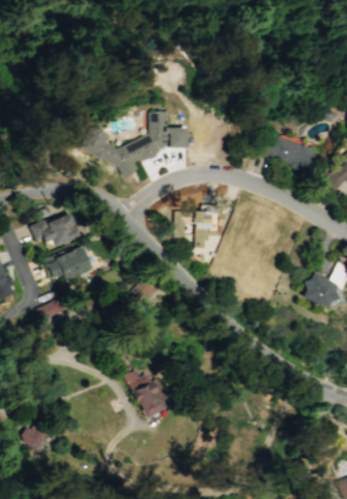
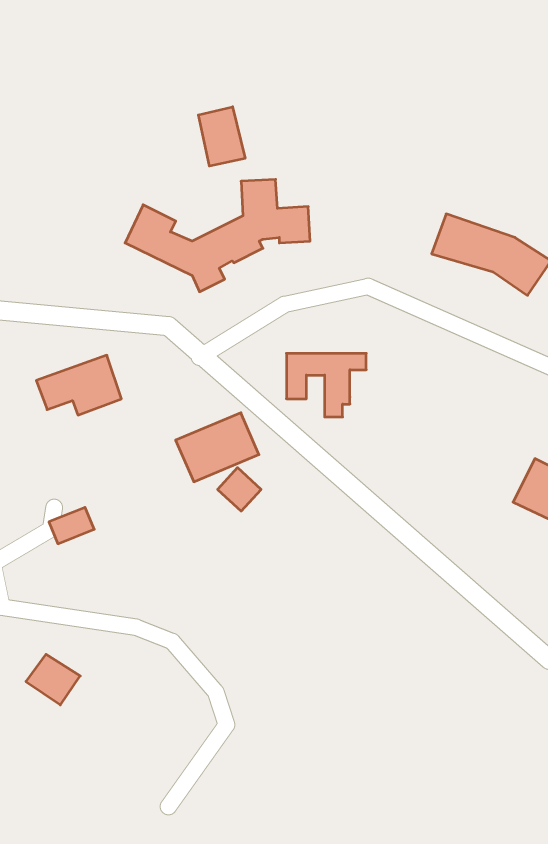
building: none -> [198,107,245,166]
building: [48,245,95,284] -> [176,413,259,482]
building: [127,370,171,419] -> none
building: [23,423,54,452] -> [26,654,80,705]

